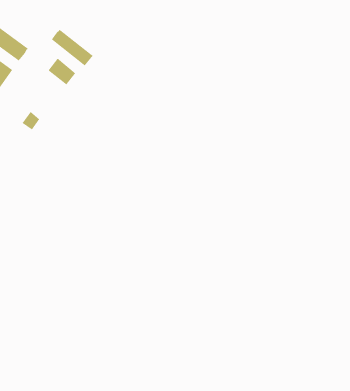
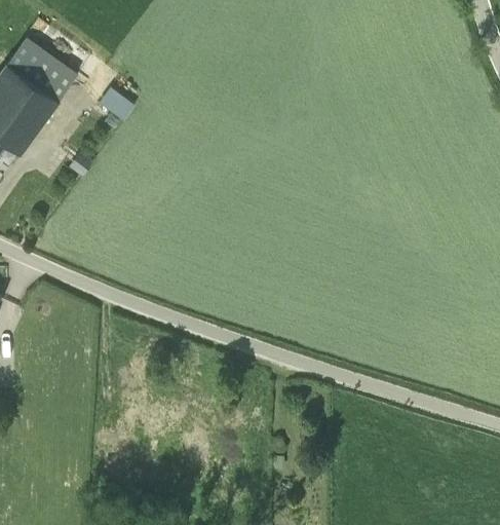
building: [51,28,94,67] -> none

